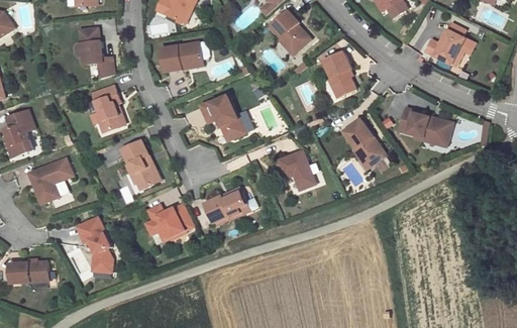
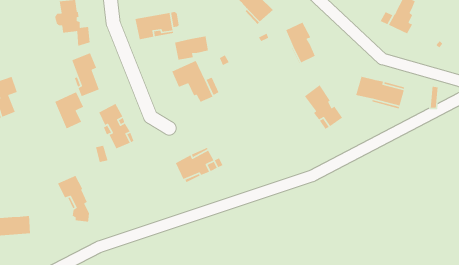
building: none -> [174,35,209,60]
building: [278,150,315,190] -> none
building: [29,162,62,204] -> [54,91,84,130]
building: [146,203,194,241] -> none

